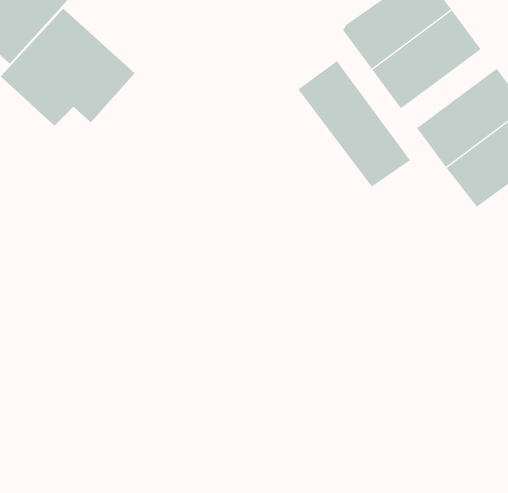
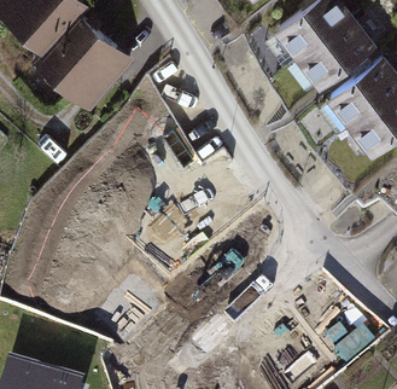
building: [298,60,411,187] -> none

